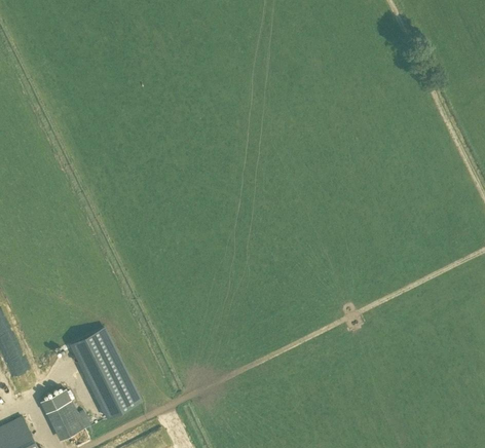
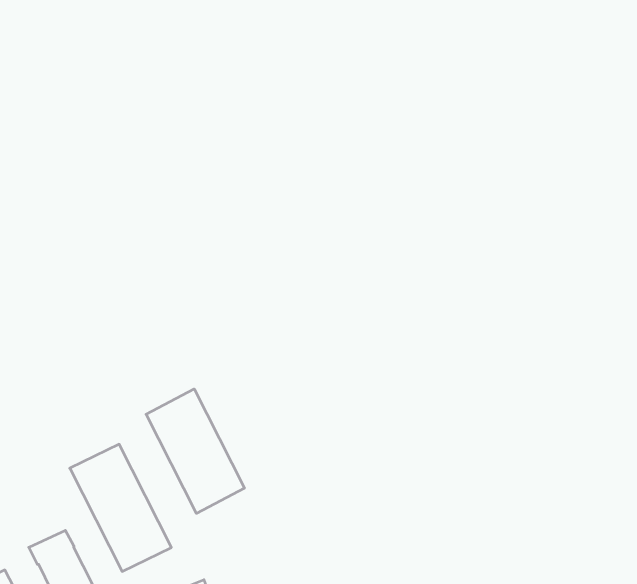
building: none -> [146,389,244,513]

